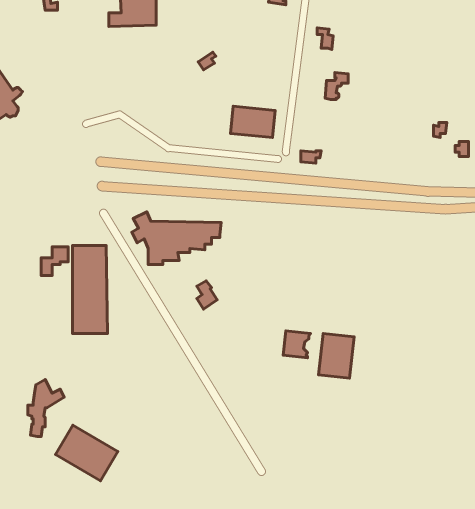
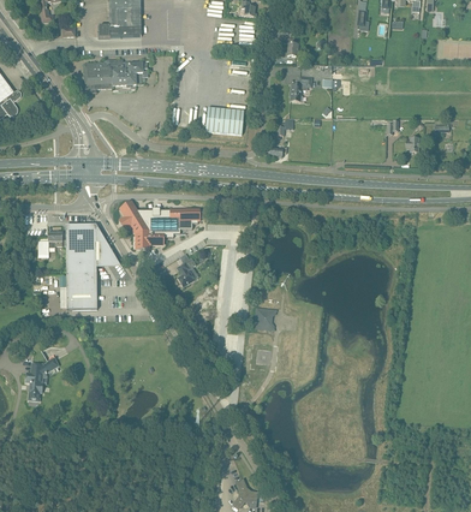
building: none -> [84,59,148,88]
building: [319,334,354,378] -> none
building: [56,425,118,481] -> none

